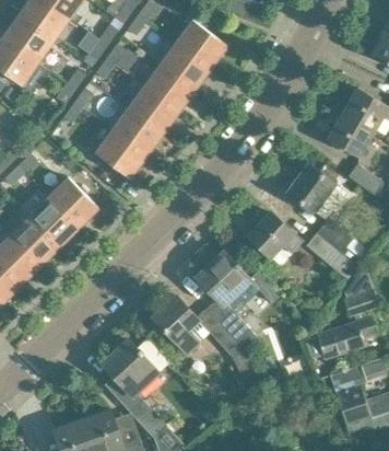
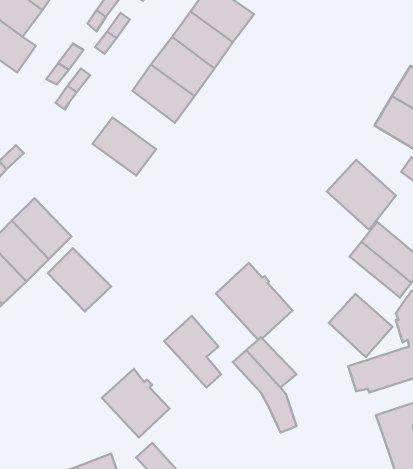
building: [110,108,162,157] -> none
building: [46,176,98,229] -> [48,248,111,312]
building: [247,211,299,264] -> [329,294,392,357]

